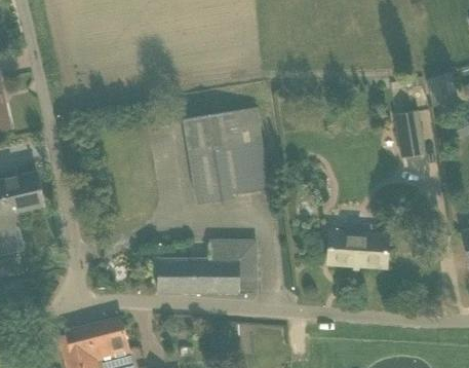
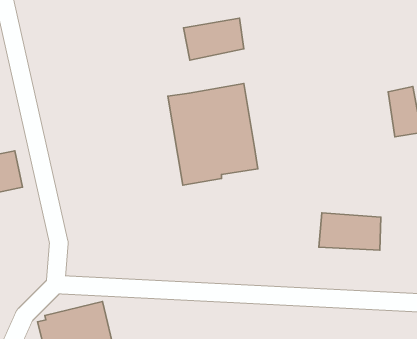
building: none -> [184,18,244,60]
building: [158,243,257,292] -> none

